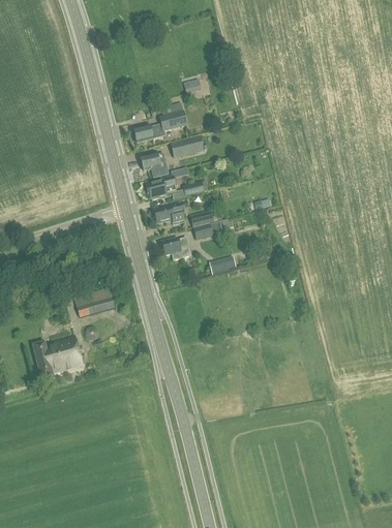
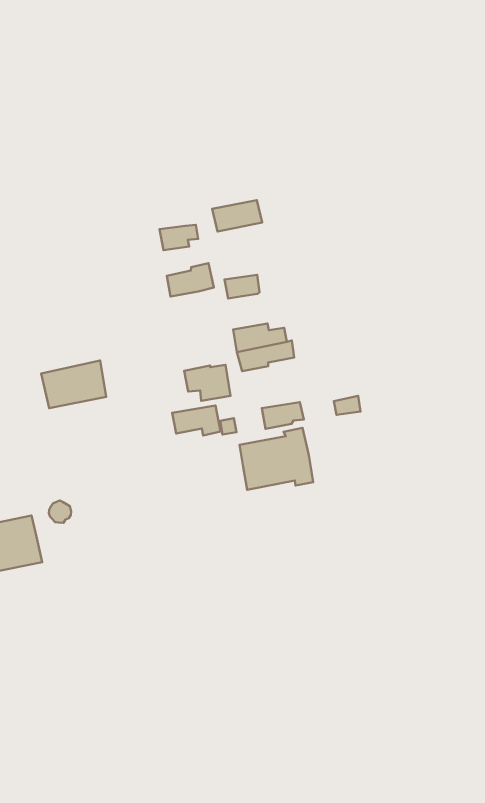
building: [133,111,187,143] -> none
building: [153,204,183,222] -> [172,406,220,435]
building: none -> [240,428,313,490]
building: [73,286,114,317] -> [41,360,106,408]

